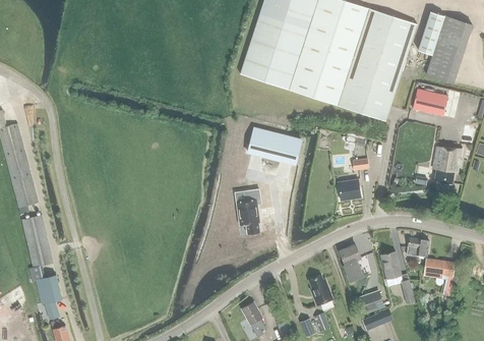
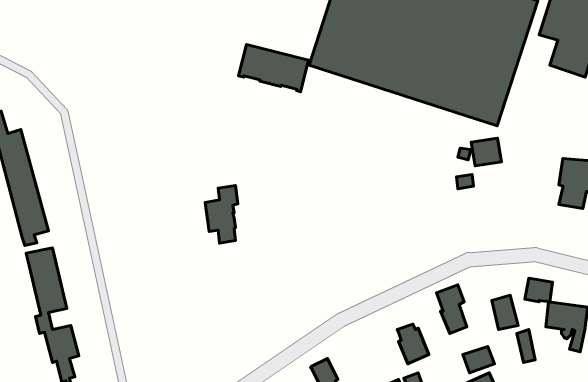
building: [412,88,446,114] -> none
building: [247,127,301,164] -> [239,44,308,92]
building: [338,178,361,200] -> [471,138,501,166]
building: [236,188,261,233] -> [205,185,238,243]

